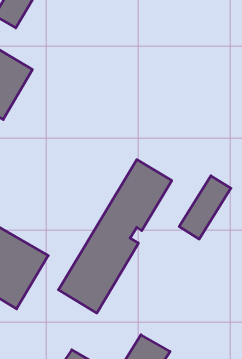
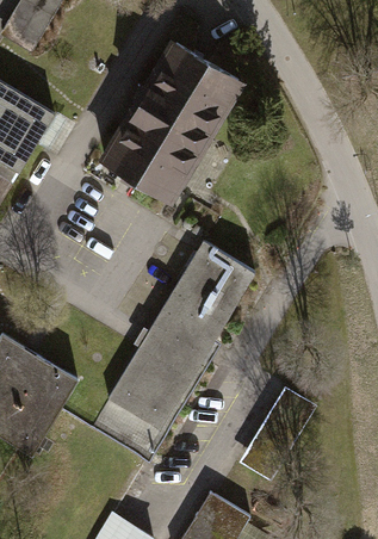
building: none -> [98,39,243,204]
building: [179,176,231,239] -> [241,390,315,481]

